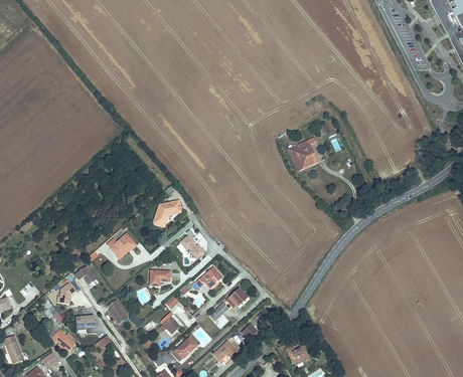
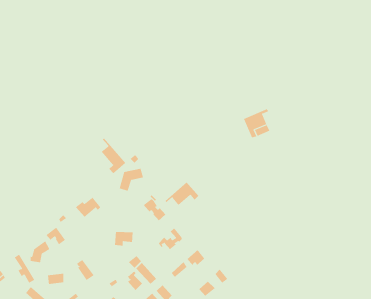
building: none -> [101,138,126,174]
building: none -> [165,181,199,206]

